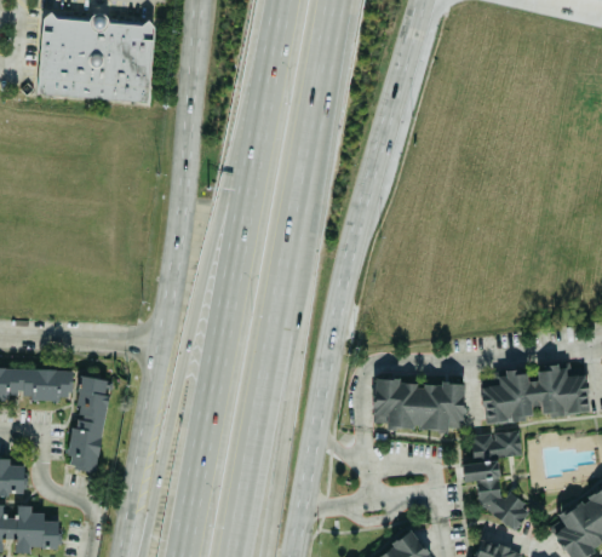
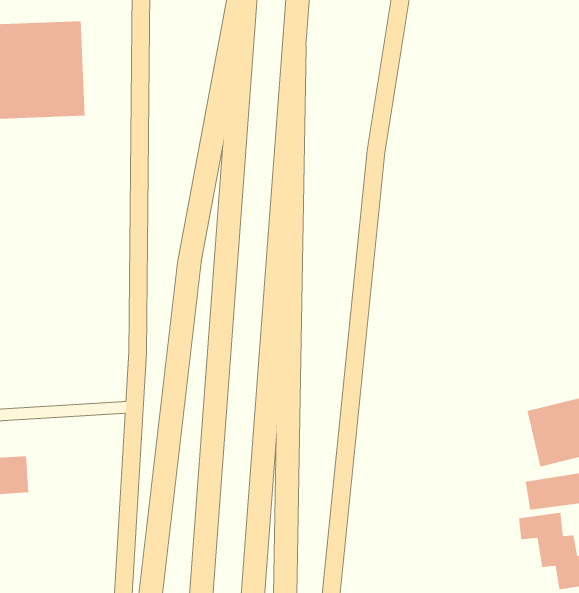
building: [67,377,110,472] -> none
building: [373,380,465,429] -> none

